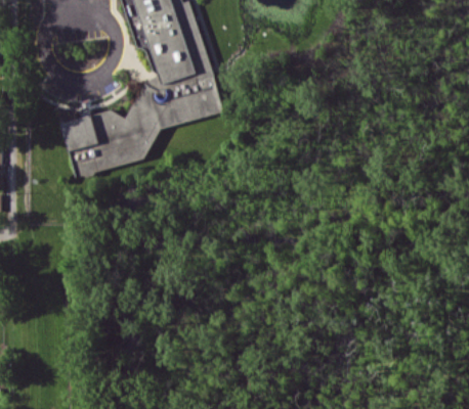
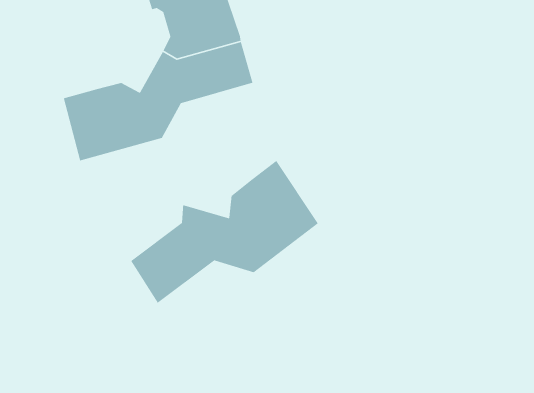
building: none -> [130,160,319,304]

